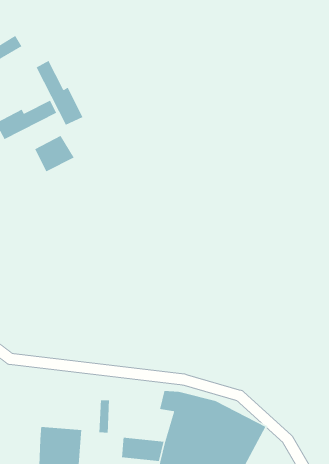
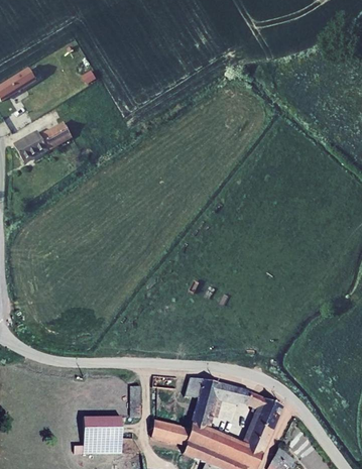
building: [35,60,84,126] -> none
building: [34,135,75,172] -> none

